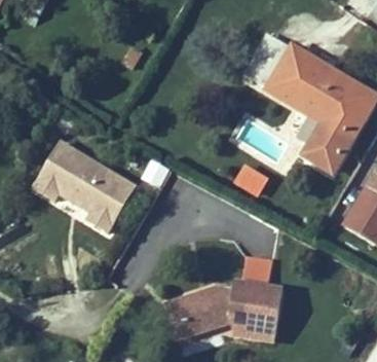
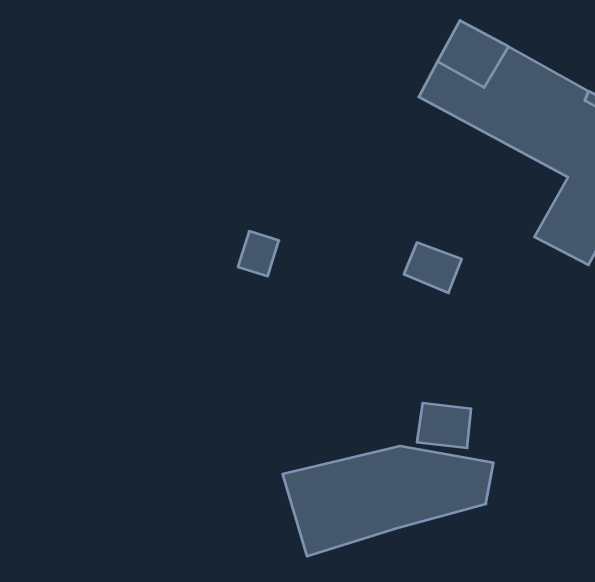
building: [40,153,141,242] -> none
building: [231,306,280,337] -> none

